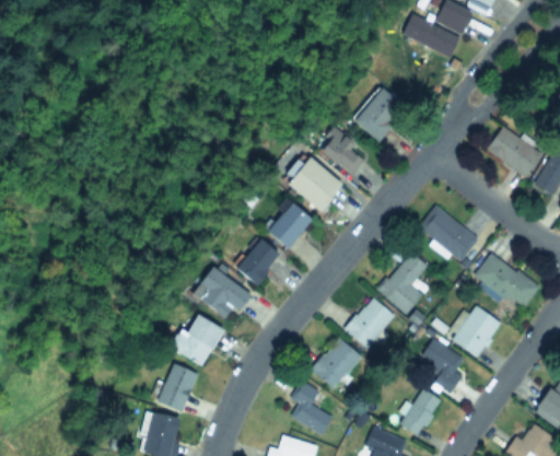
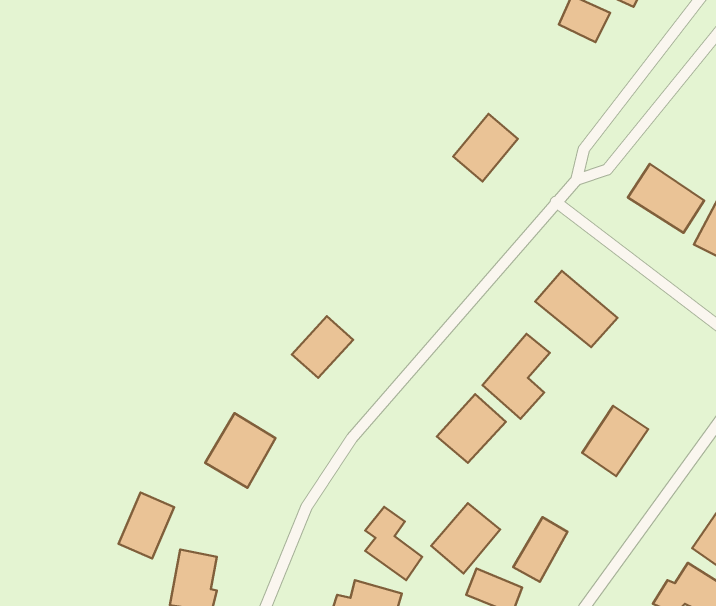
building: [401,14,462,56] -> none
building: [318,129,368,174] -> none
building: [288,156,342,211] -> none
building: [267,202,312,248] -> none
building: [474,253,539,309] -> none
building: [191,267,248,320] -> none
building: [311,337,362,389] -> [431,503,500,574]
building: [419,338,467,389] -> none
building: [156,363,198,412] -> [118,492,174,558]

